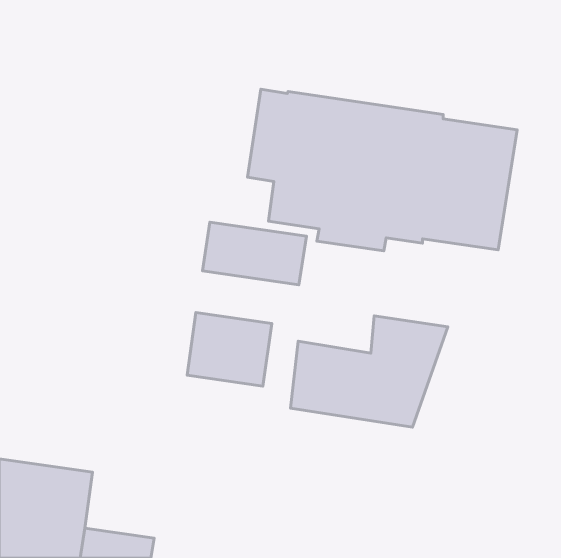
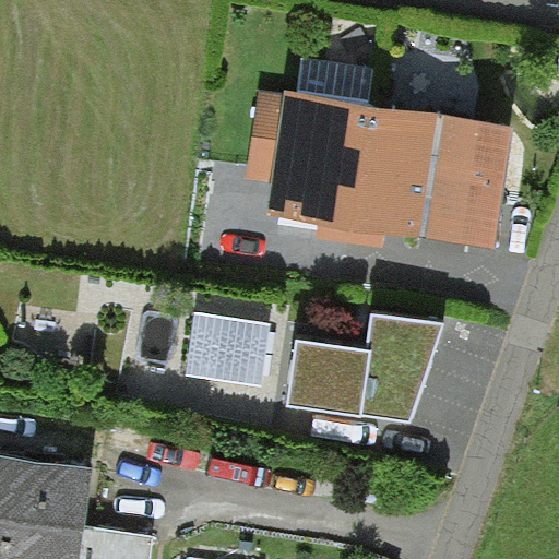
building: [202,222,306,285] -> none

